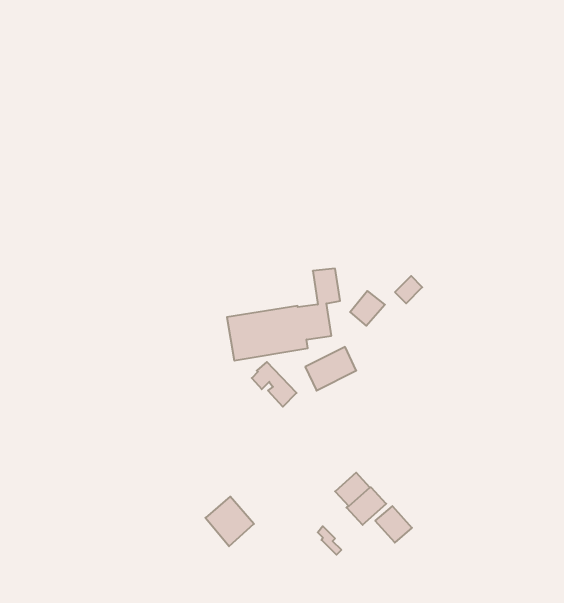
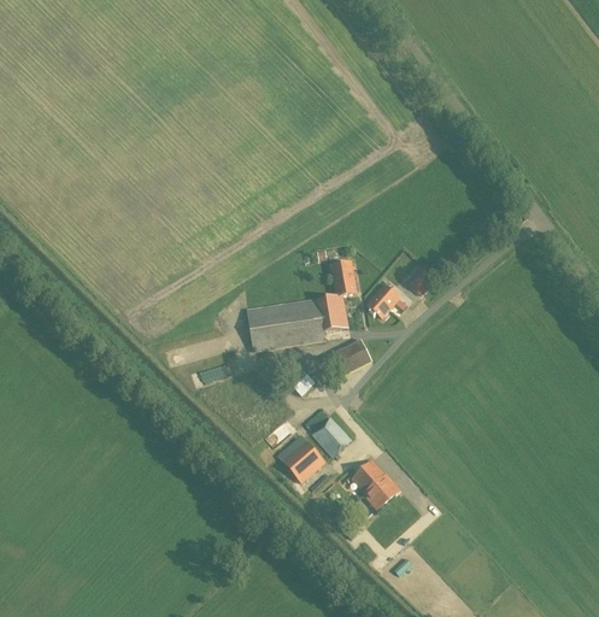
building: none -> [311,416,351,457]
building: [205,497,254,546] -> [277,434,324,482]
building: [375,506,412,543] -> none

